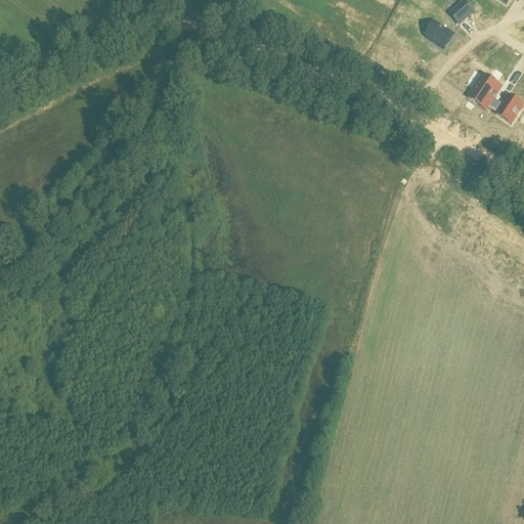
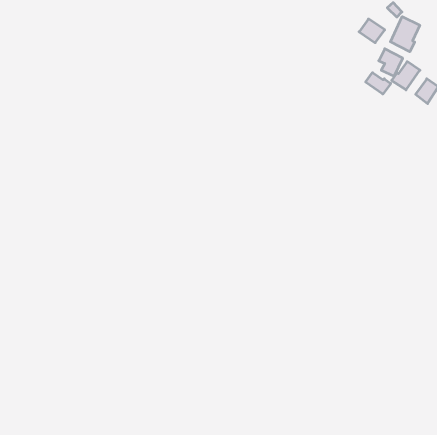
building: none -> [390,17,420,52]
building: none -> [366,73,391,94]

